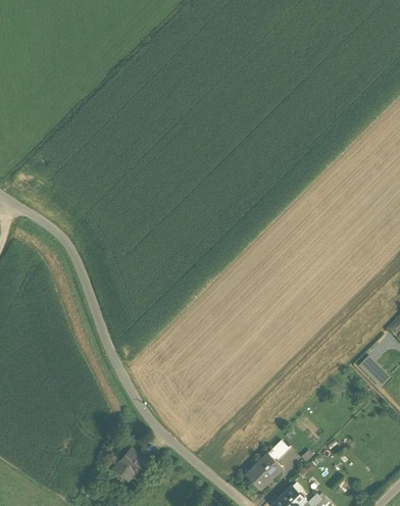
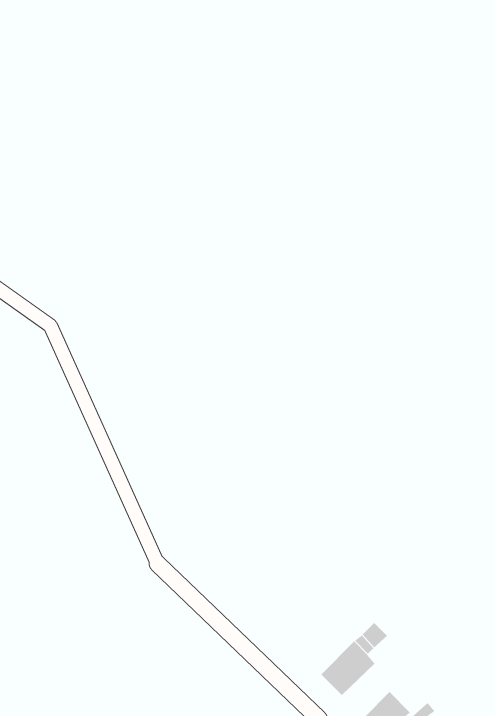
building: [112,447,147,480] -> none

